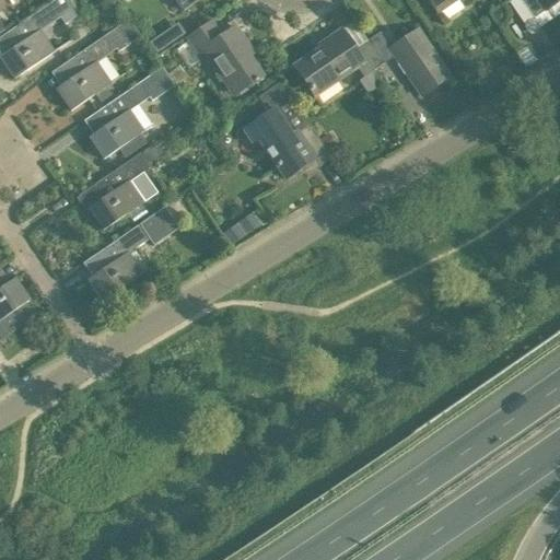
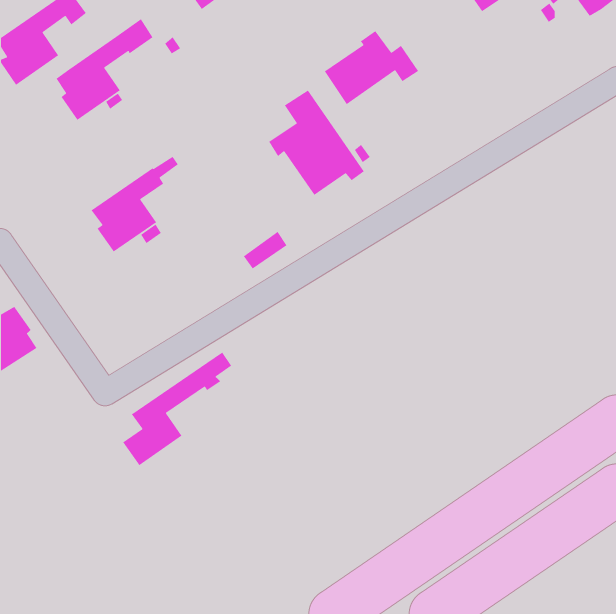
building: [187,19,262,94] -> none
building: [364,27,450,94] -> none
building: [89,66,175,158] -> none
building: [88,196,187,300] -> [122,351,232,466]

